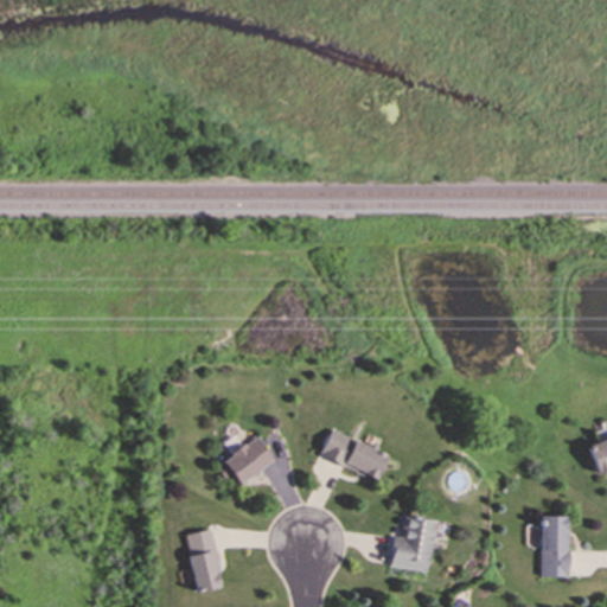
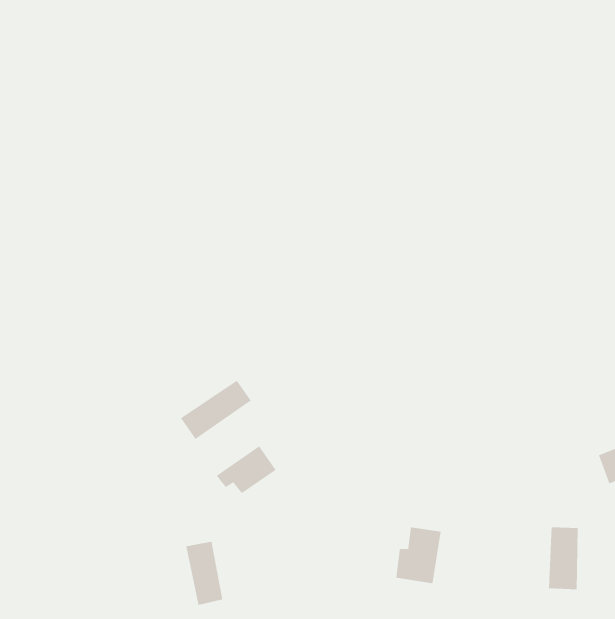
building: none -> [180,380,252,440]
building: [321,430,389,480] -> none

